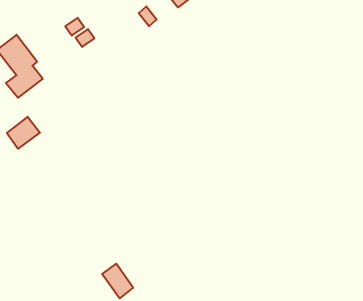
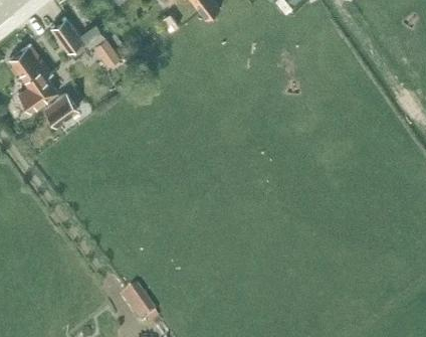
building: none -> [50,18,83,53]
building: [7,117,40,149] -> [44,94,79,128]

